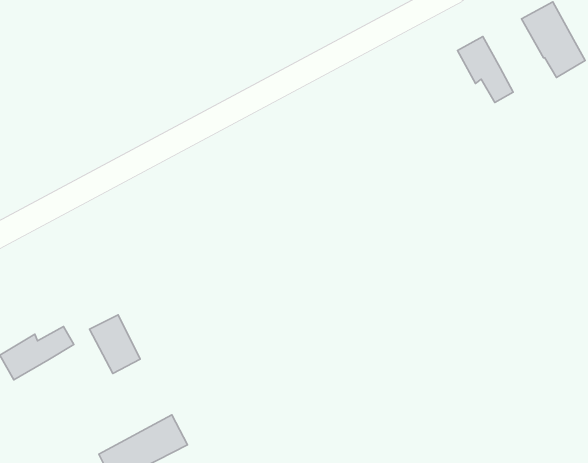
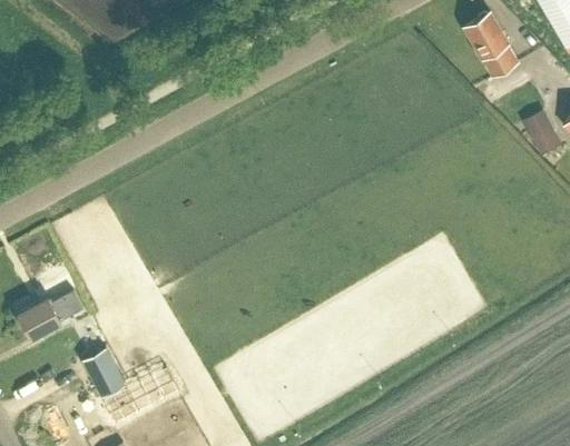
building: [458,37,513,103] -> none
building: [89,315,140,374] -> [80,346,124,396]

